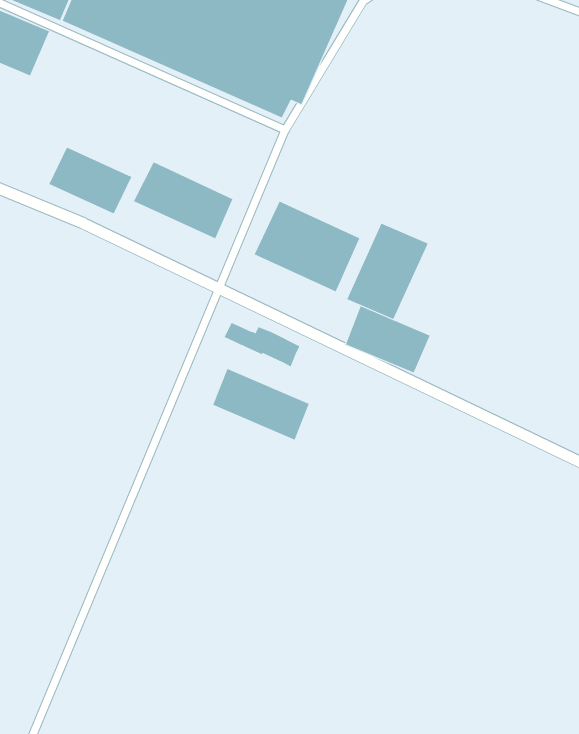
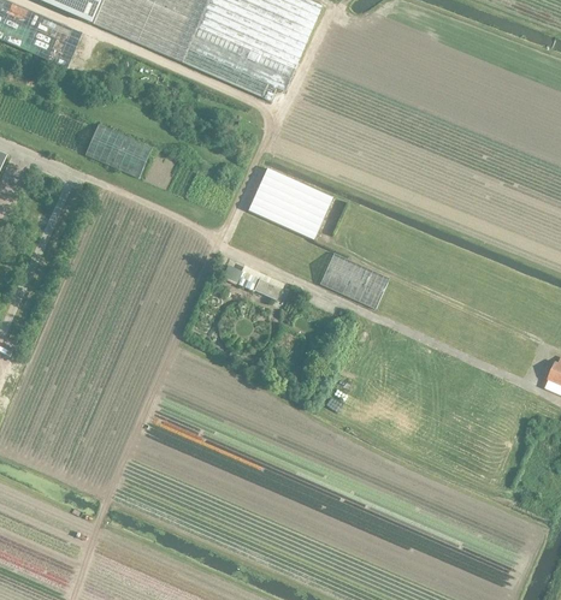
building: [133,161,233,239] -> none
building: [346,223,429,320] -> none
building: [212,368,310,440] -> none

